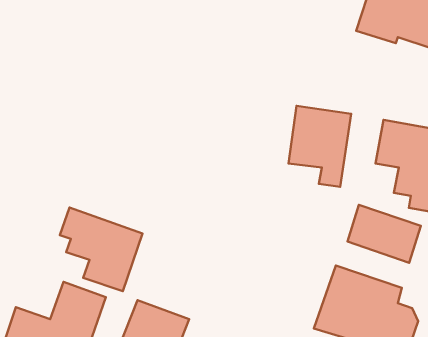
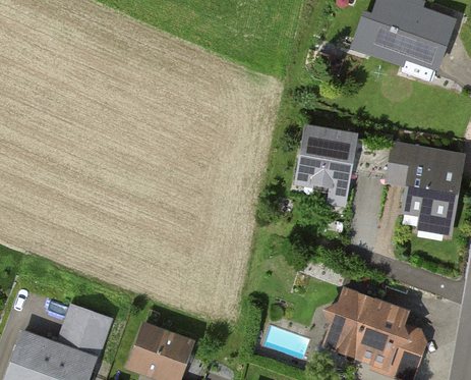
building: [347,205,421,263] -> none
building: [60,207,142,291] -> none

